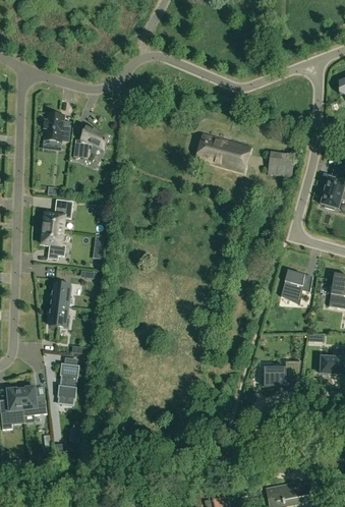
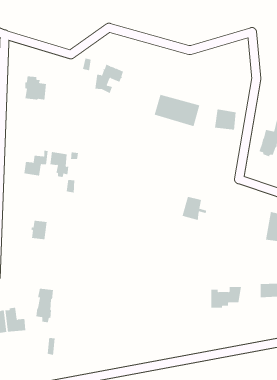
building: [72,126,107,162] -> [95,64,124,94]
building: [41,228,64,259] -> [49,152,69,178]
building: [280,270,310,305] -> [181,195,207,226]
building: [49,304,69,327] -> none

